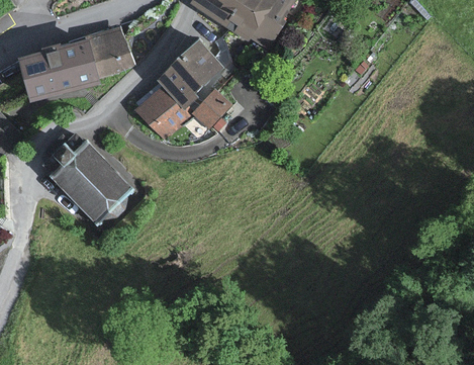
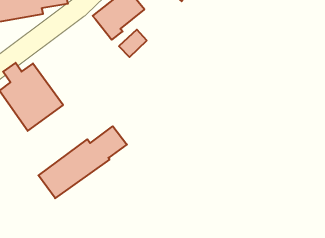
building: [136,82,191,136] -> none
building: none -> [38,126,127,198]

